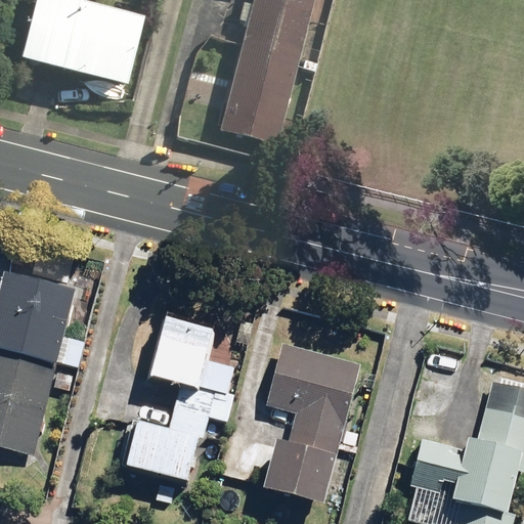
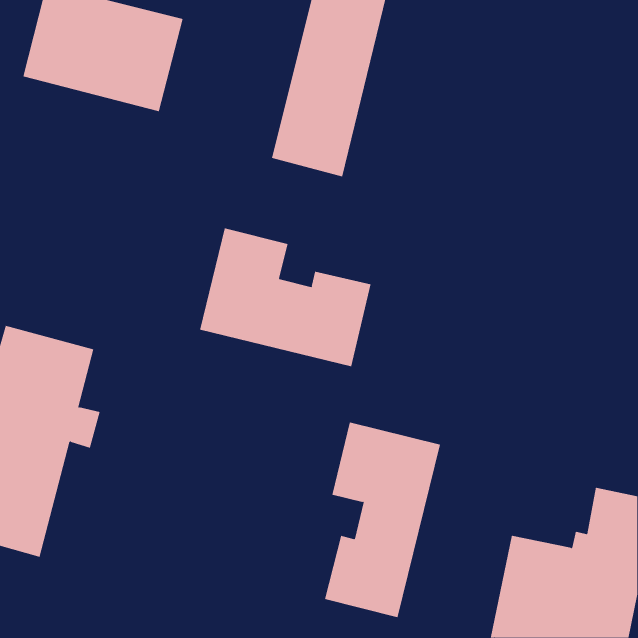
building: none -> [200,227,371,367]
building: [124,313,239,484] -> none

